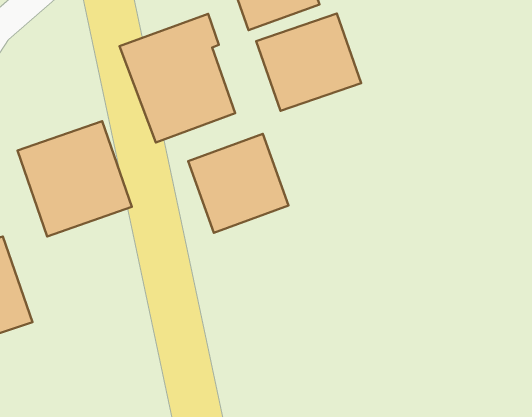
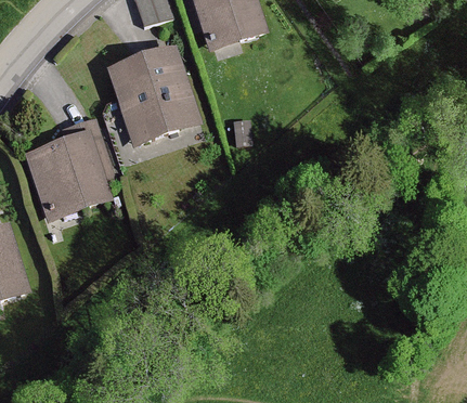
building: [256,14,361,111] -> none
building: [188,134,288,233] -> none

